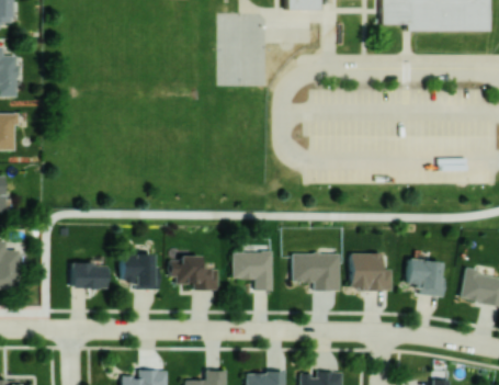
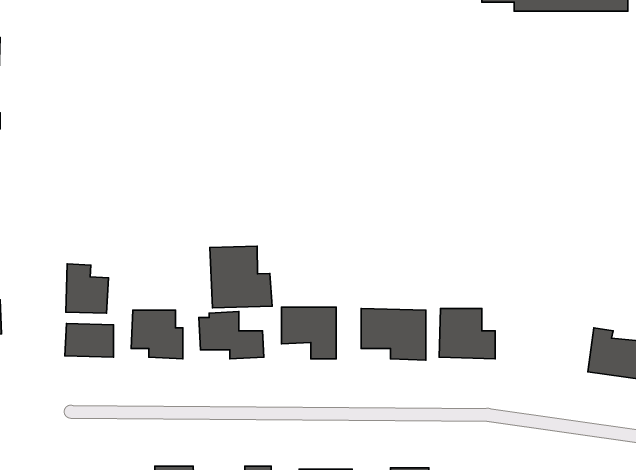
building: none -> [210,246,272,308]
building: none -> [66,264,109,313]
building: [407,260,444,296] -> none

